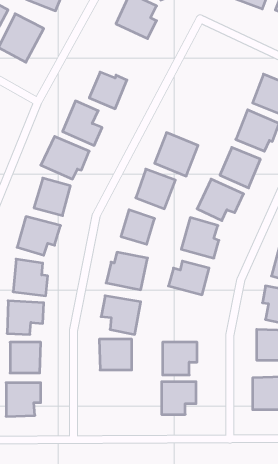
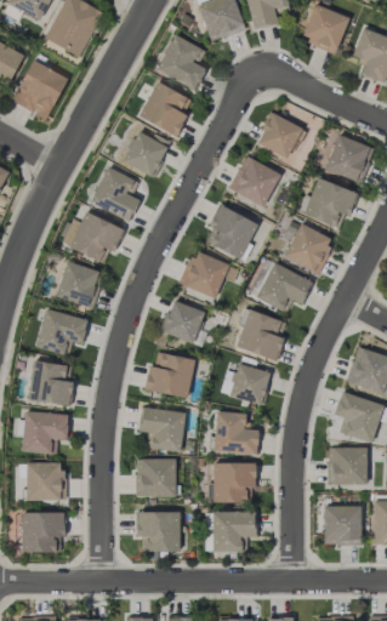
building: none -> [138,81,193,135]
building: none -> [256,112,303,159]
building: none -> [229,155,280,206]
building: none -> [214,411,258,454]
building: none -> [137,511,181,552]

